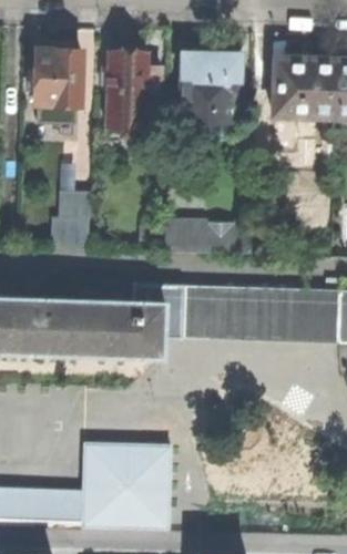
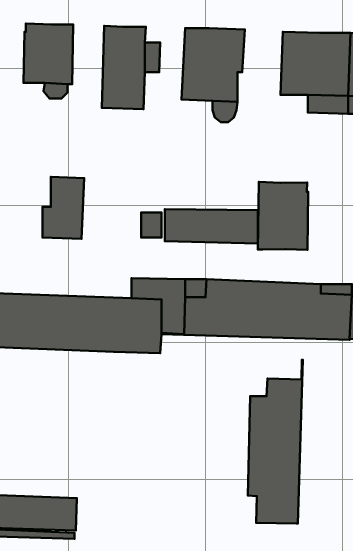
building: none -> [258,182,308,250]
building: none -> [248,360,303,523]
building: [81,442,170,527] -> none

